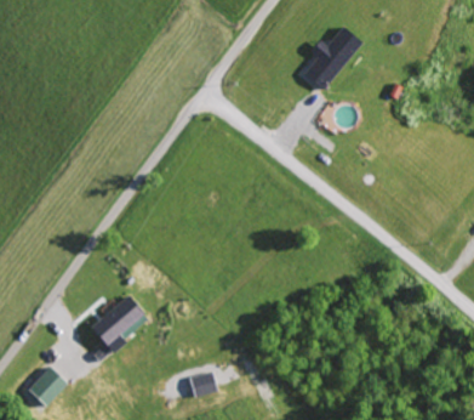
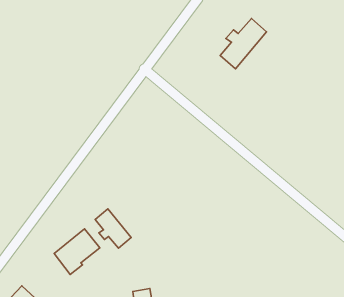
building: none -> [95,209,131,248]

